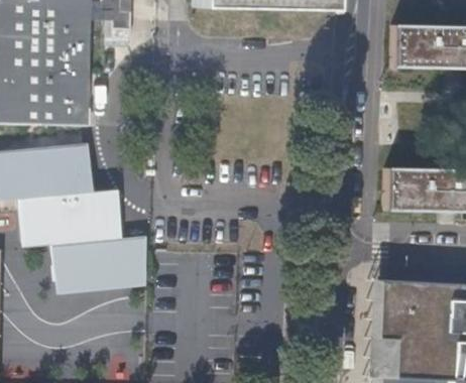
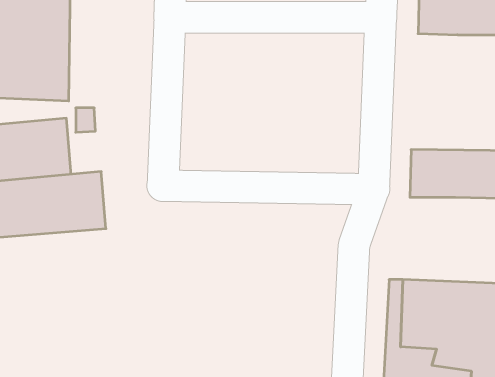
building: [50,234,150,291] -> none

